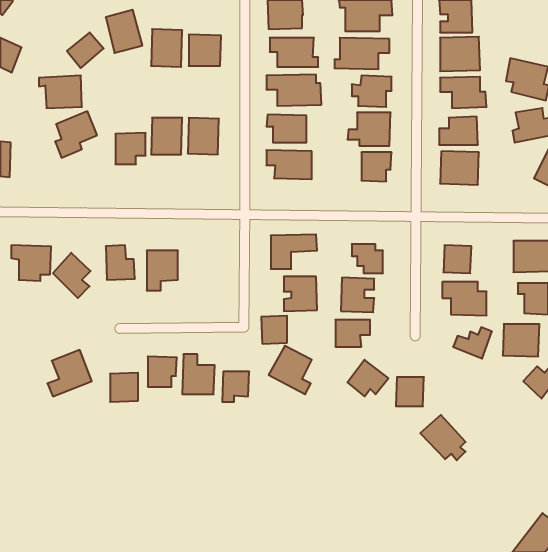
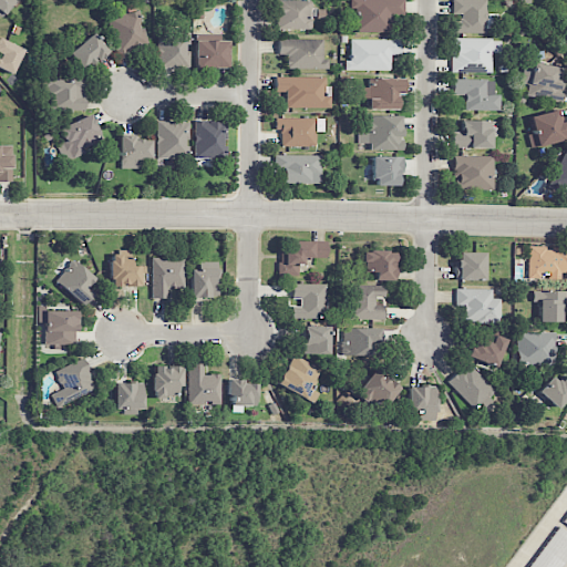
building: [11,245,51,281] -> [39,309,80,346]
building: none -> [193,261,220,297]
building: [261,316,287,344] -> [306,326,332,354]
building: [420,415,466,460] -> [450,362,496,409]

